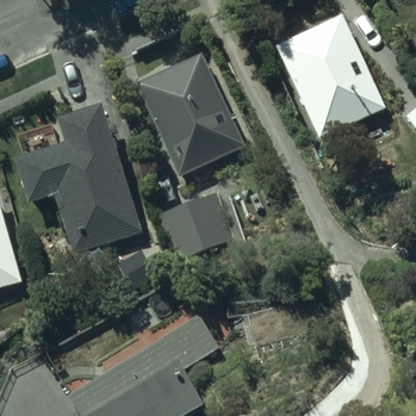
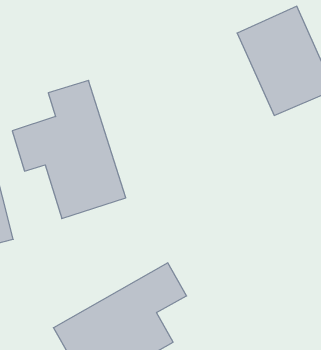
building: [136,51,246,176] -> none
building: [156,191,232,261] -> none

